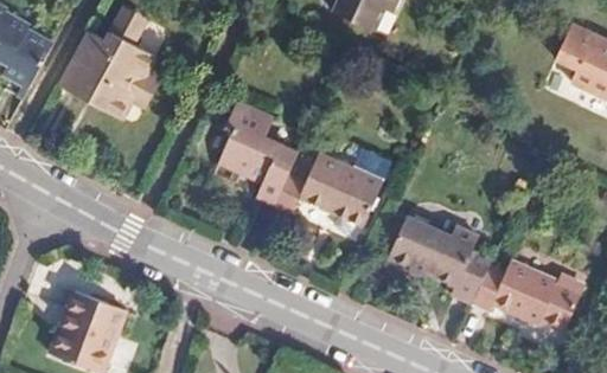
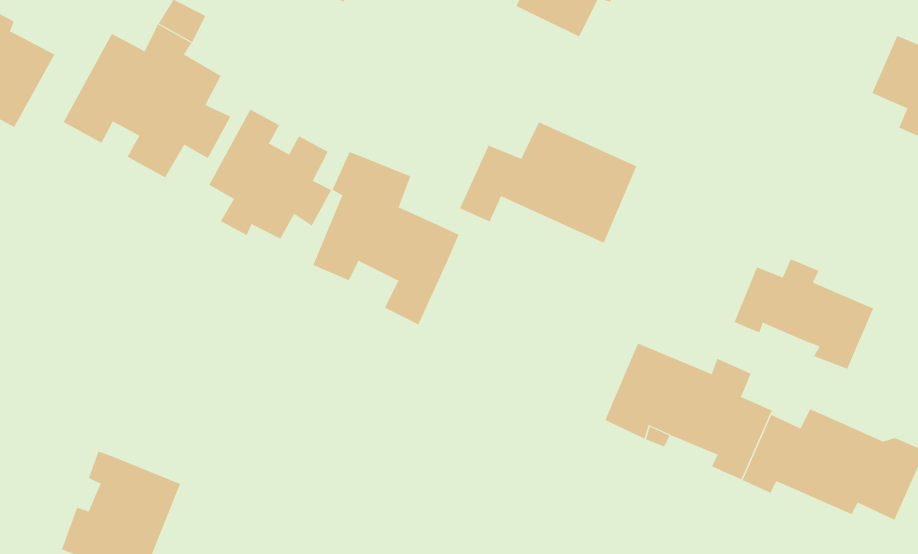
building: none -> [208,109,332,240]
building: [273,155,382,230] -> [459,122,637,243]
building: none -> [734,259,874,370]

